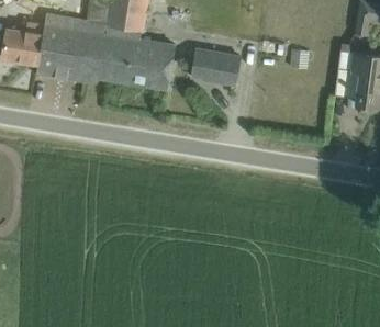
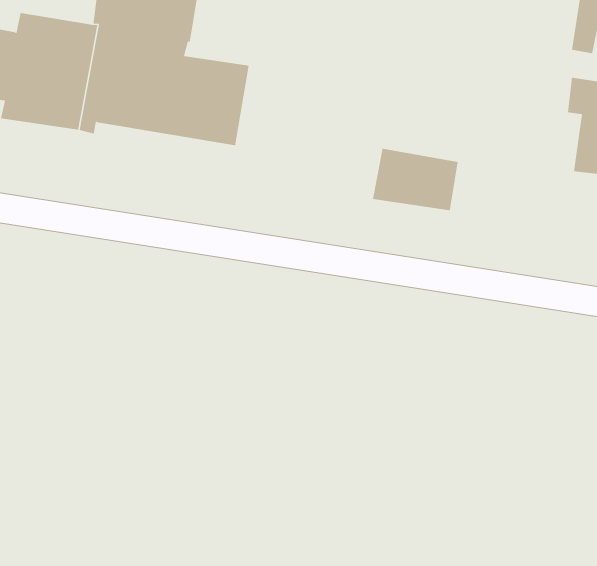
building: [191,49,239,84] -> [372,148,458,211]

